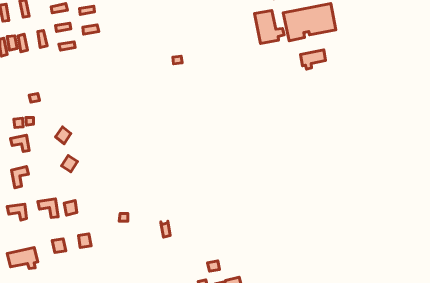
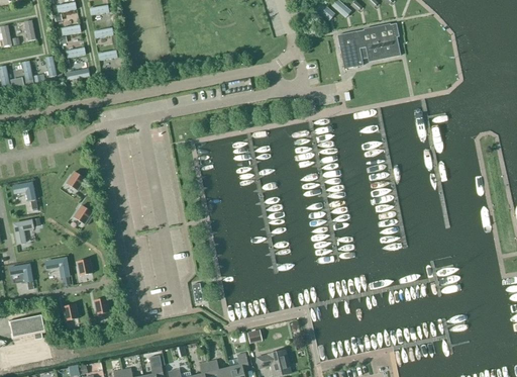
building: [255,10,284,43] -> none
building: [300,50,326,69] -> none

